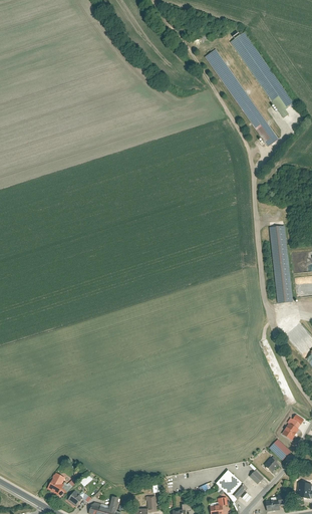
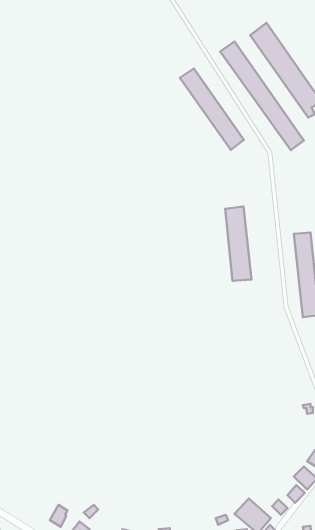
building: none -> [180,69,244,150]
building: none -> [225,206,251,281]

